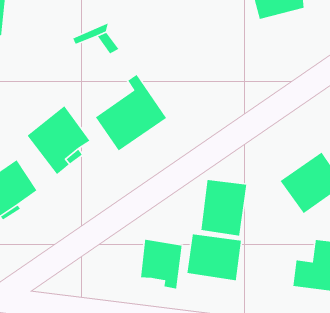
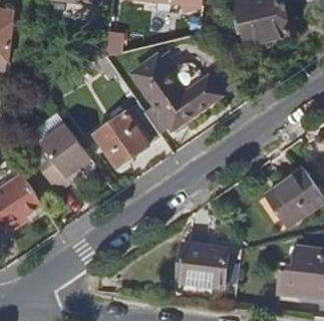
building: none -> [134,52,221,125]
building: [201,179,247,237] -> none
building: [140,239,183,289] -> none

